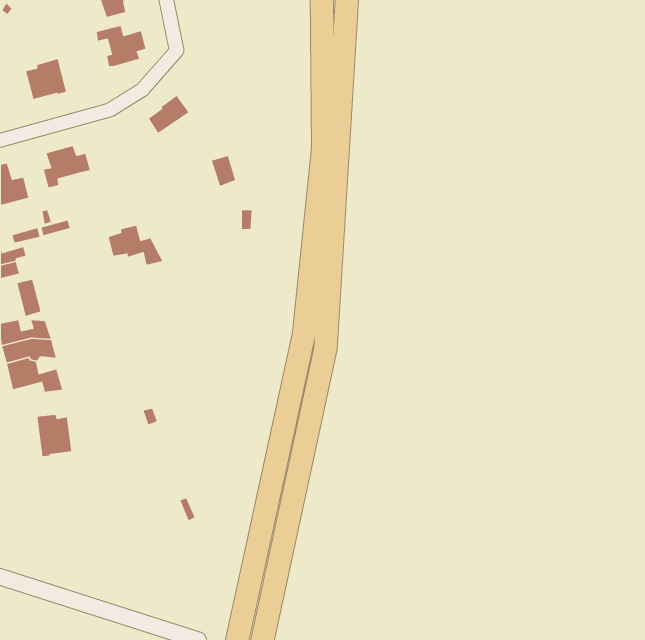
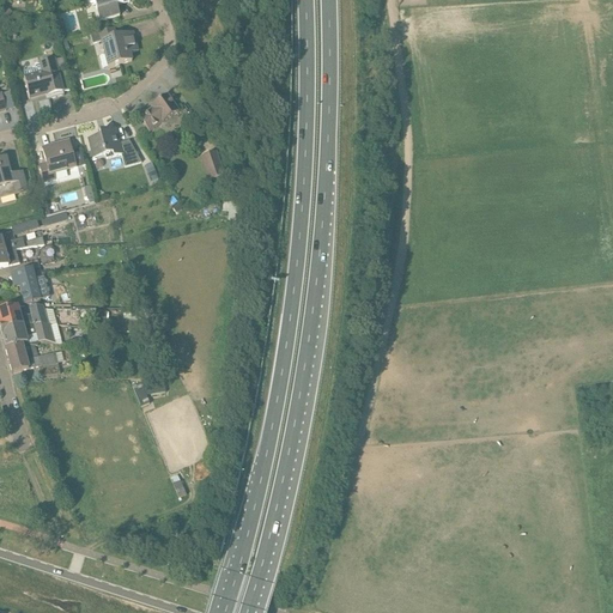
building: [108,225,163,265] -> [89,125,141,163]
building: [36,414,72,457] -> none

